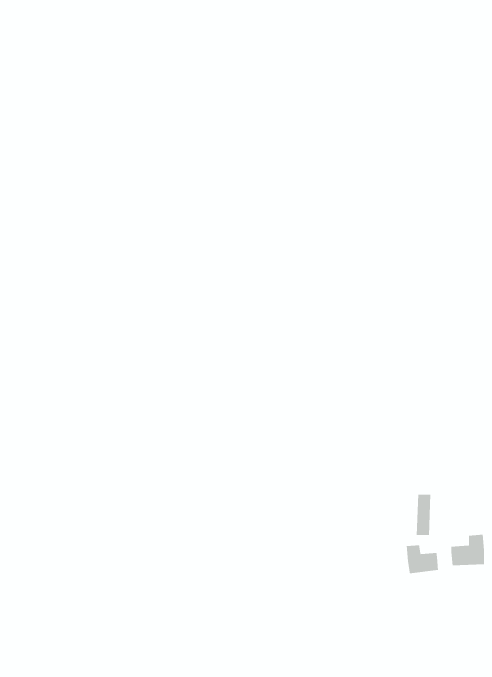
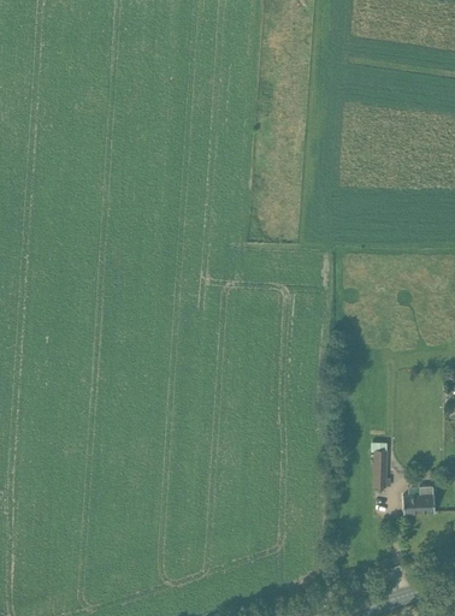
building: [406,544,438,574] -> none

